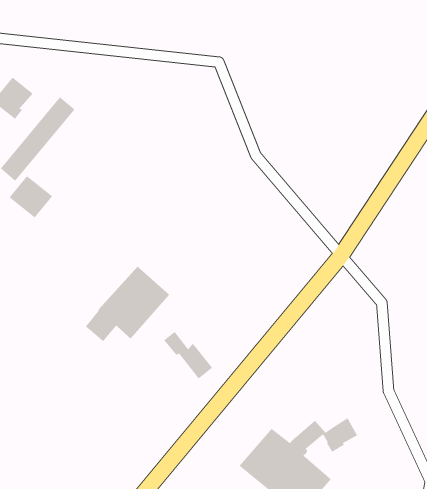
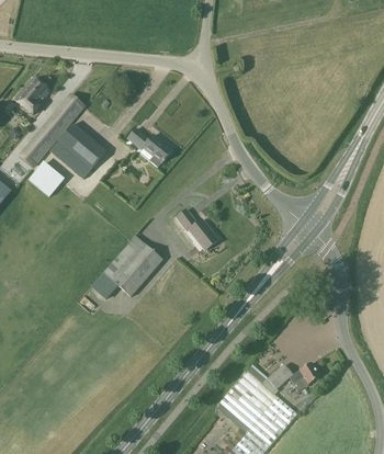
building: none -> [48,123,106,179]
building: none -> [127,128,172,167]
building: [163,331,213,380] -> [176,209,217,250]

